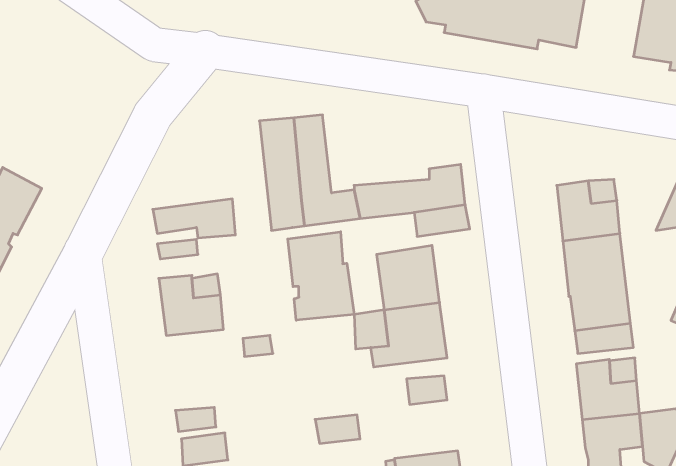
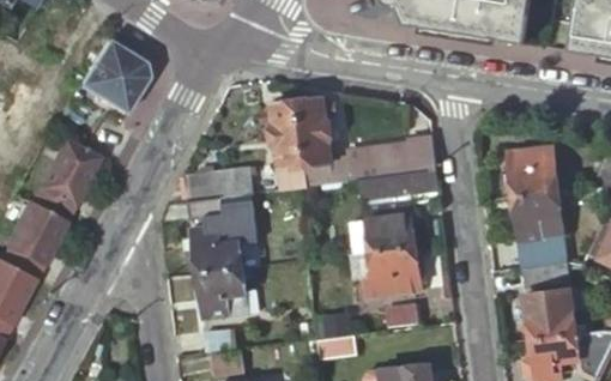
building: none -> [79,37,149,111]
building: [288,232,354,320] -> none
building: none -> [196,268,248,318]

